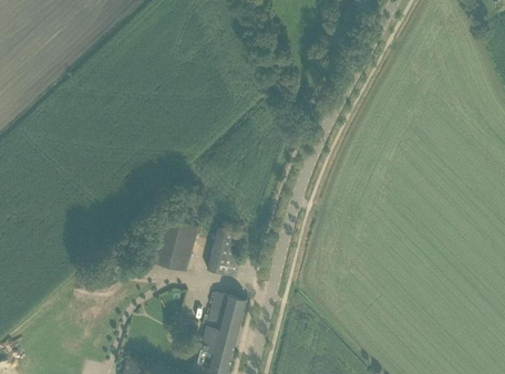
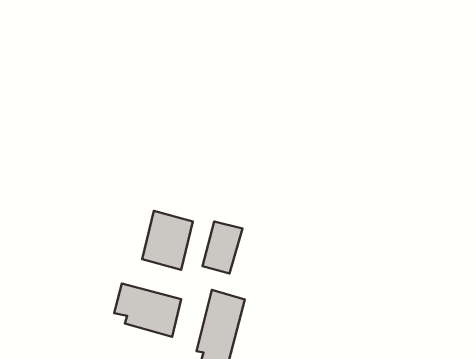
building: none -> [114,284,181,337]

